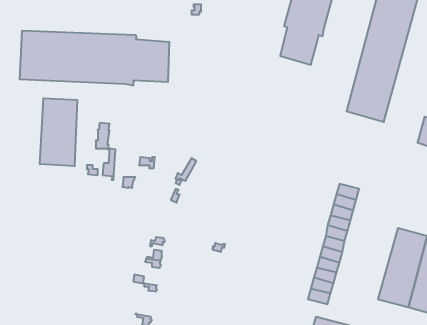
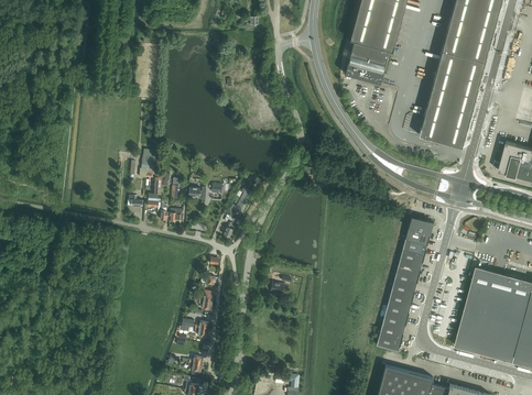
building: [20,31,169,86] -> none
building: [40,98,77,166] -> none

